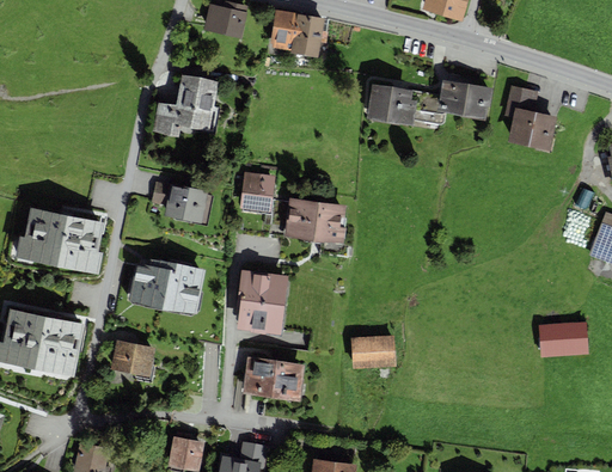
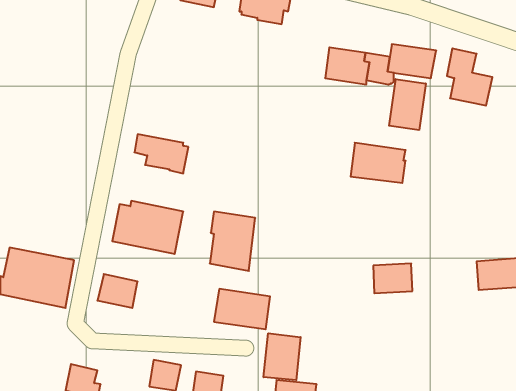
building: [152,75,218,137] -> none
building: none -> [389,79,426,130]
building: [239,172,275,213] -> none
building: [284,197,347,243] -> [351,143,406,183]
building: [16,208,104,275] -> none
building: [351,336,396,369] -> [373,264,412,293]
building: none -> [264,333,301,380]

